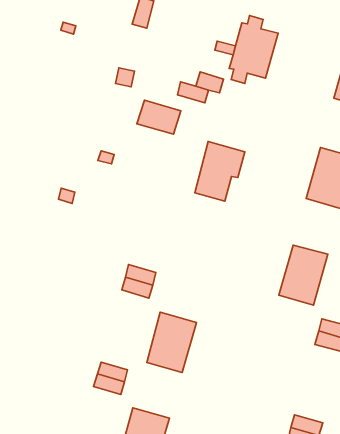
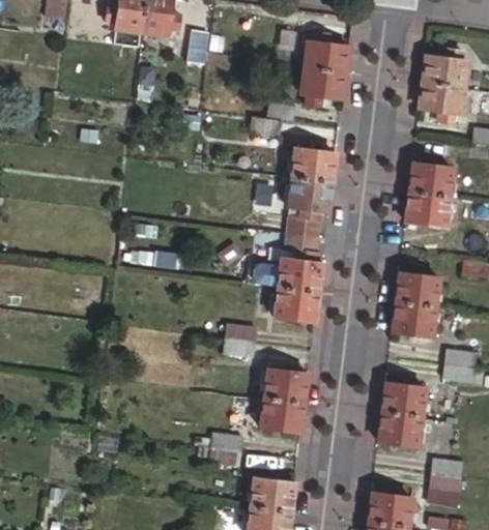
building: [137,100,181,134] -> [291,149,337,181]
building: none -> [275,234,322,321]
building: none -> [380,384,427,446]

